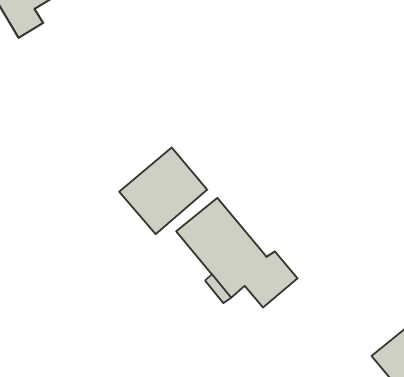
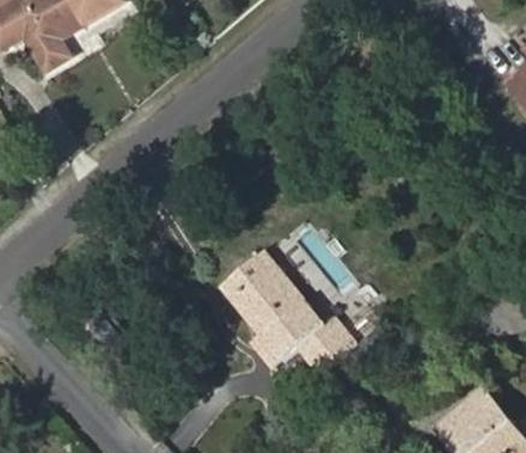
building: [119,148,207,234] -> none

